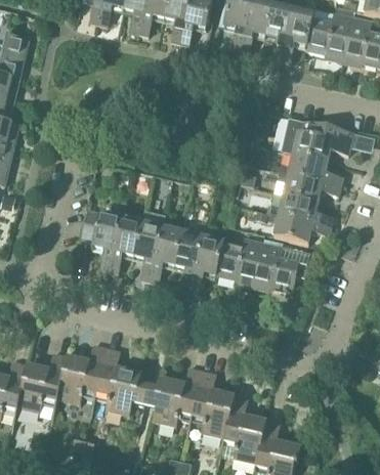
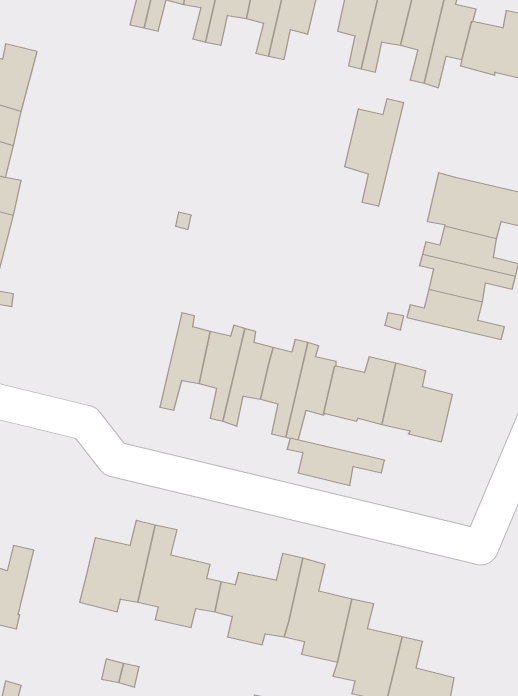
building: none -> [345,99,403,206]
building: [82,207,123,270] -> none
building: [267,212,331,243] -> [287,438,385,485]
building: [16,352,67,411] -> none

